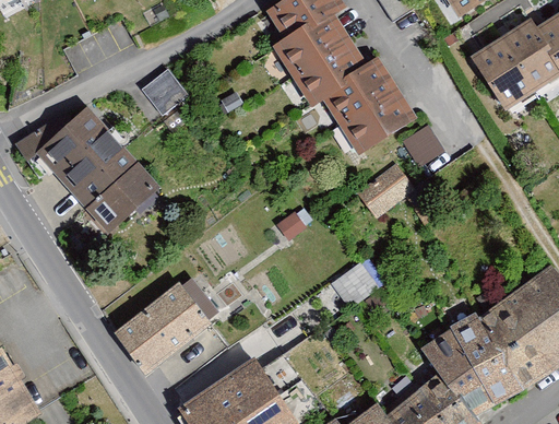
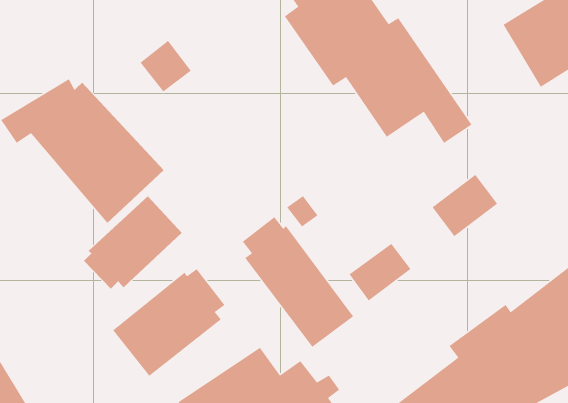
building: [353,161,414,219] -> [431,174,498,237]
building: none -> [83,195,183,290]
building: none -> [242,216,354,348]

